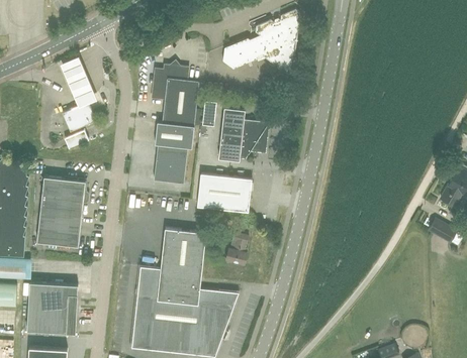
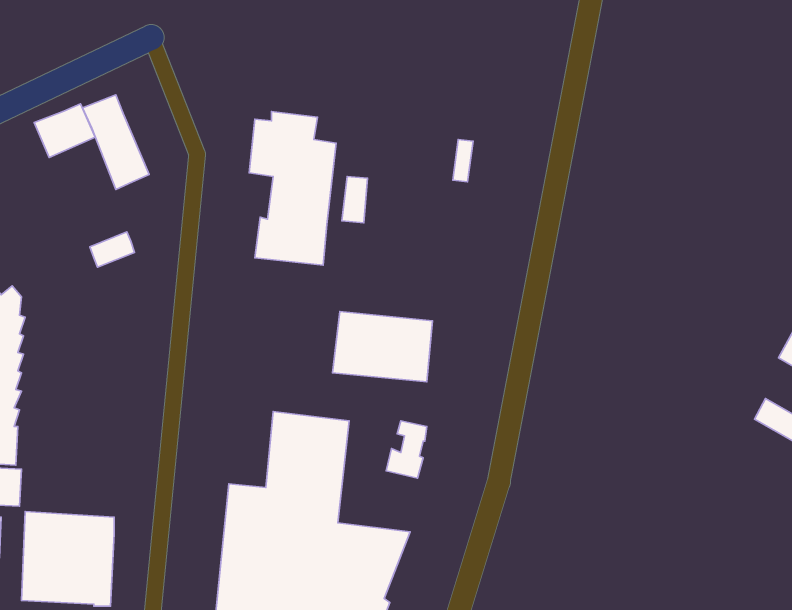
building: [221,10,298,74] -> none
building: [62,103,95,132] -> [34,104,95,158]
building: [218,108,268,160] -> none
building: [153,150,186,184] -> none
building: [35,176,87,246] -> none

